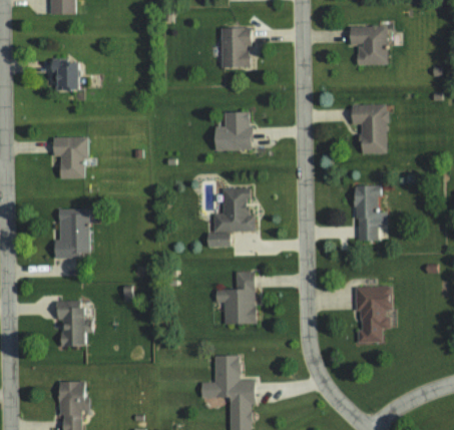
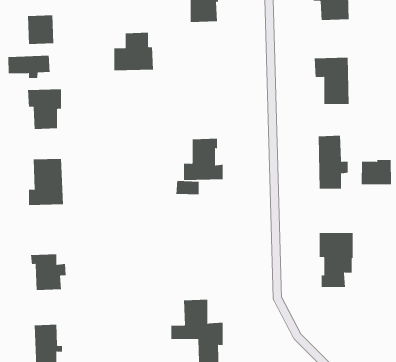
building: none -> [8,55,50,79]
building: [211,110,254,150] -> [113,32,154,71]
building: none -> [361,159,392,185]
building: [214,271,256,324] -> none

